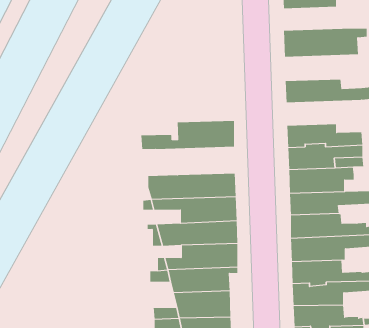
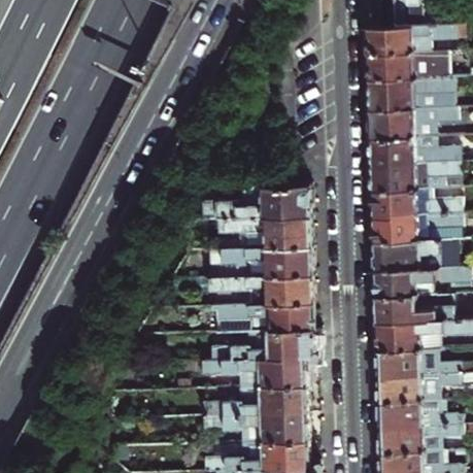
building: none -> [368,53,448,81]
building: none -> [369,109,458,140]
building: none -> [371,163,461,193]
building: none -> [218,217,312,250]

